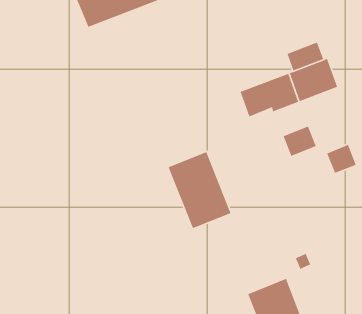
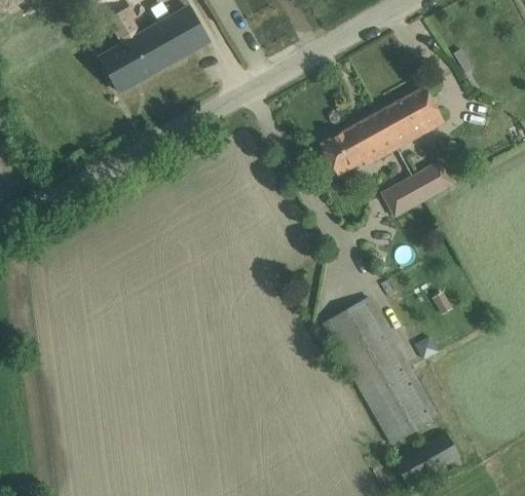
building: [286,41,324,71] -> none
building: [326,144,356,174] -> [413,159,453,199]
building: [168,151,232,229] -> [324,296,412,396]

